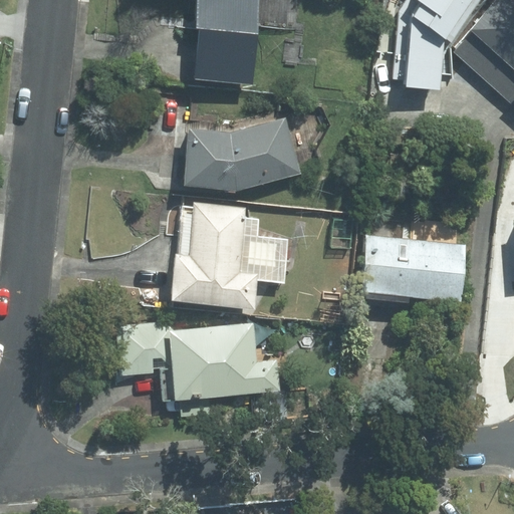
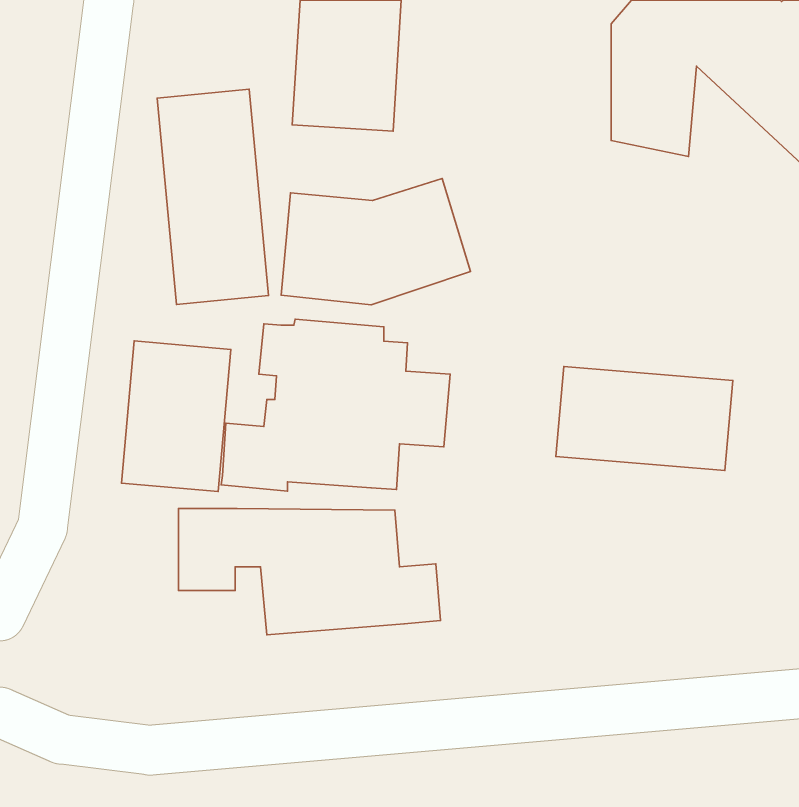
building: none -> [157,89,269,305]
building: none -> [121,341,231,492]

